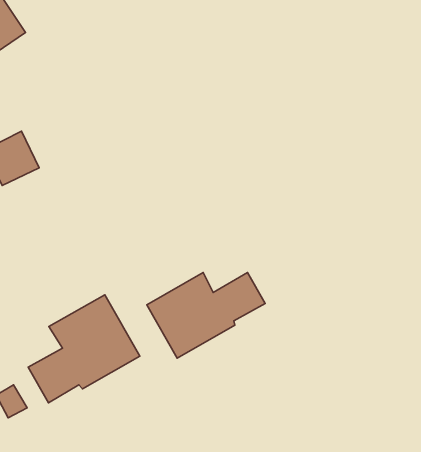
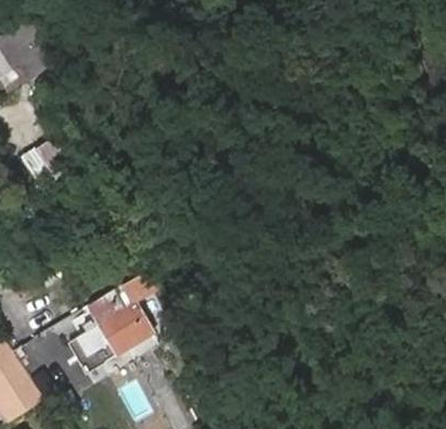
building: [147,272,265,358] -> none

